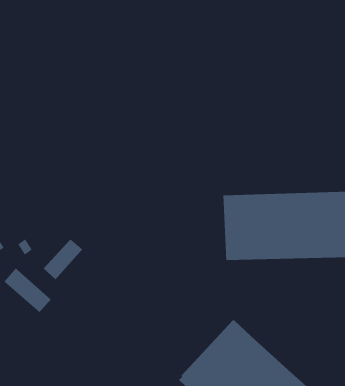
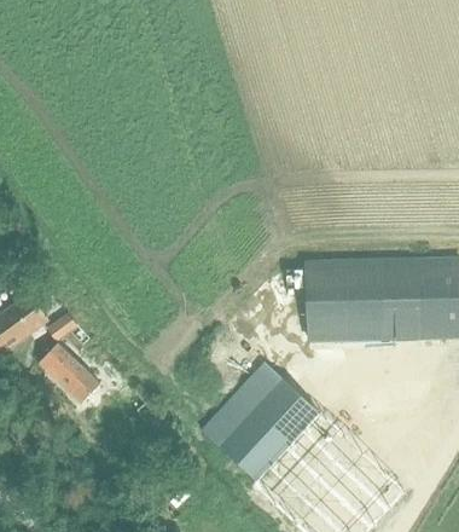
building: [43,238,83,280] -> none
building: none -> [202,362,318,479]

